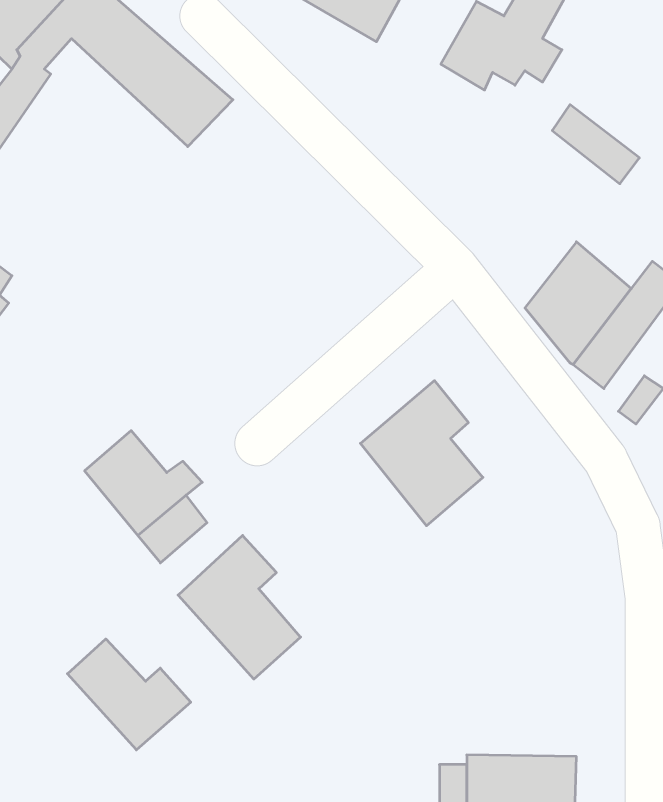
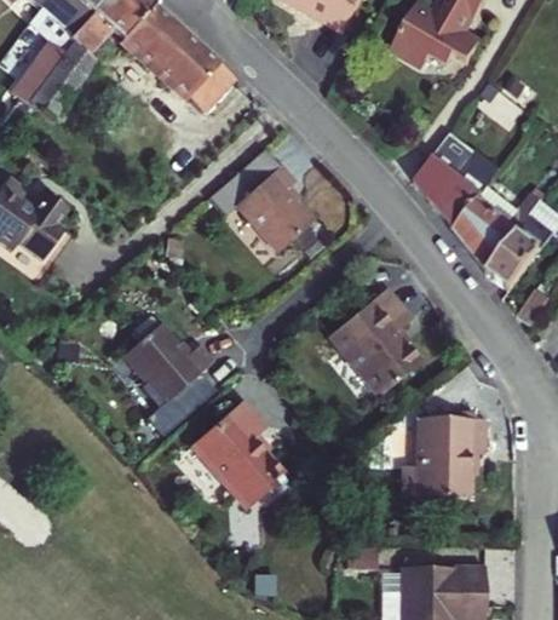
building: none -> [410,144,499,231]
building: none -> [208,148,311,251]
building: none -> [420,417,488,496]
building: [67,639,191,750] -> none

